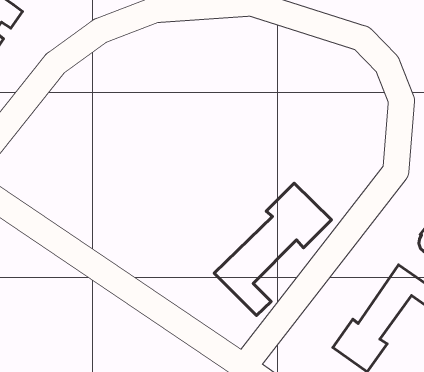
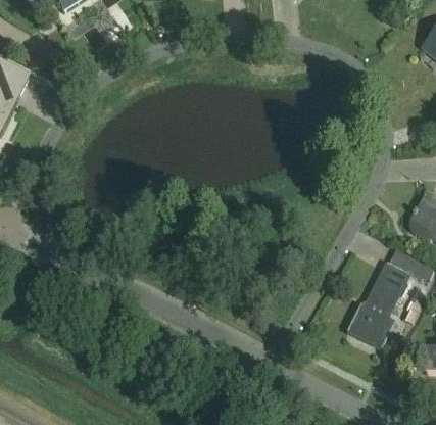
building: [214,183,331,315] -> none

